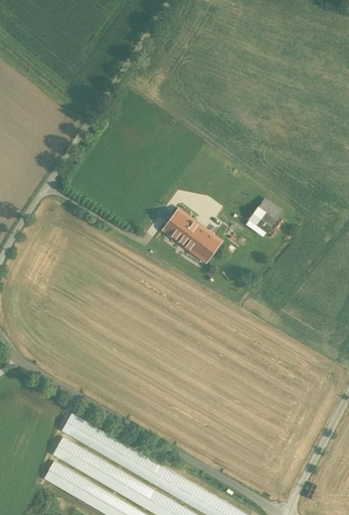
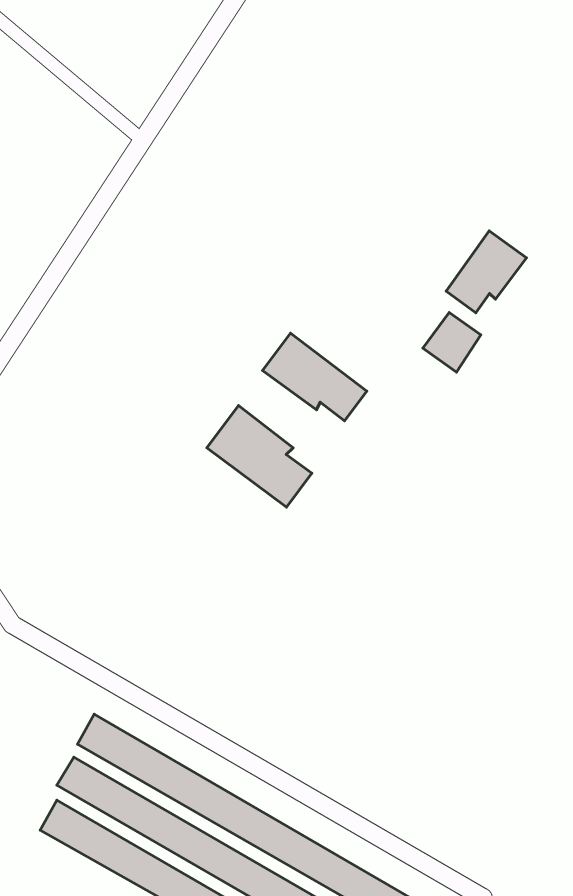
building: none -> [446,231,526,313]
building: none -> [207,405,312,507]

